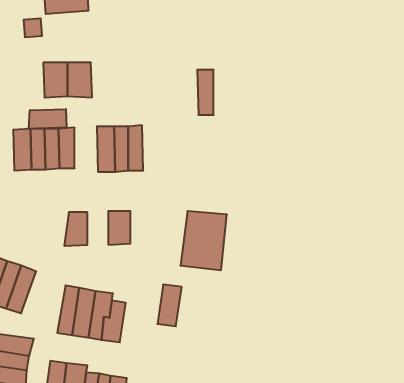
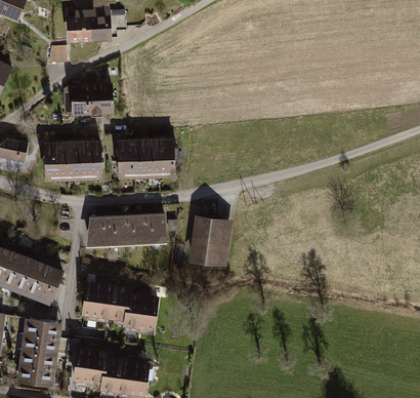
building: [197,70,214,115] -> [157,138,171,178]
building: [29,109,66,129] -> none
building: none -> [146,213,164,243]
building: none -> [109,214,127,244]
building: [157,285,182,326] -> [137,295,159,332]

